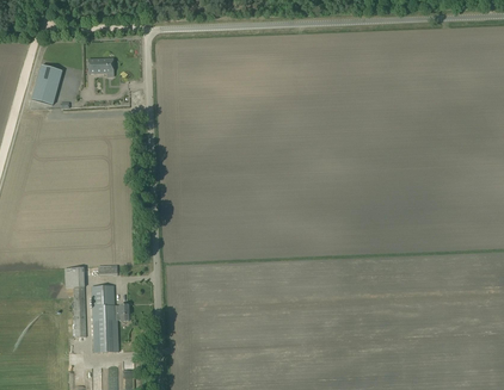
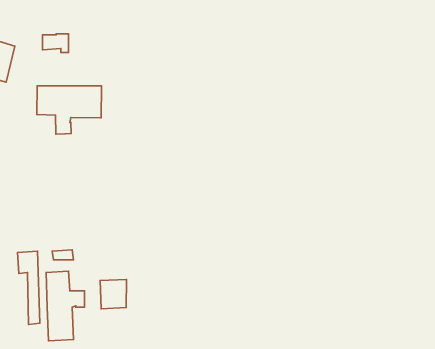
building: none -> [37,86,102,134]
building: none -> [100,280,126,309]

